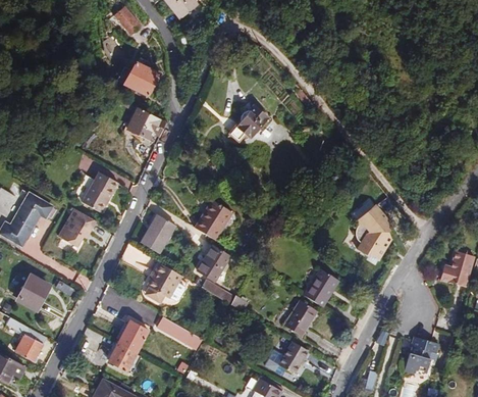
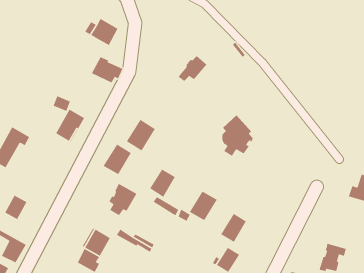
building: [195,200,231,240] -> [126,119,156,151]
building: [355,204,394,256] -> [221,114,254,157]
building: [57,208,96,247] -> none
building: [303,268,338,306] -> [189,190,218,221]

